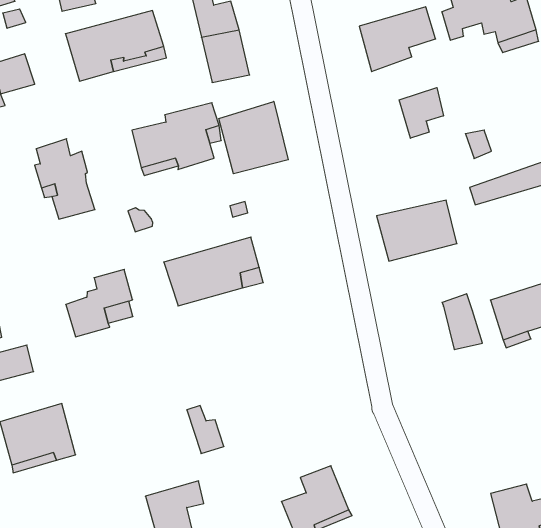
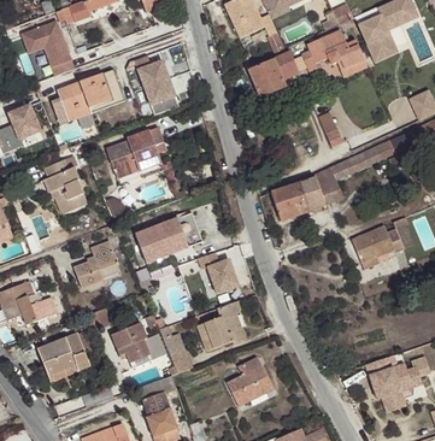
building: [399,88,443,138] -> none
building: [219,101,288,174] -> none
building: [442,294,482,350] -> [315,166,343,204]
building: none -> [198,252,239,293]
building: none -> [198,300,247,351]
building: none -> [112,323,152,368]

